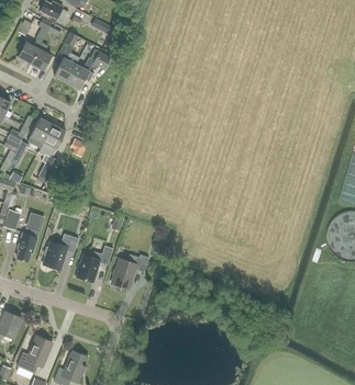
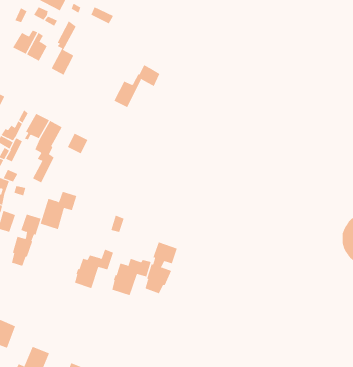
building: [66,48,110,89] -> [113,65,160,108]
building: [43,234,78,270] -> [40,191,77,230]
building: none -> [145,242,177,294]

